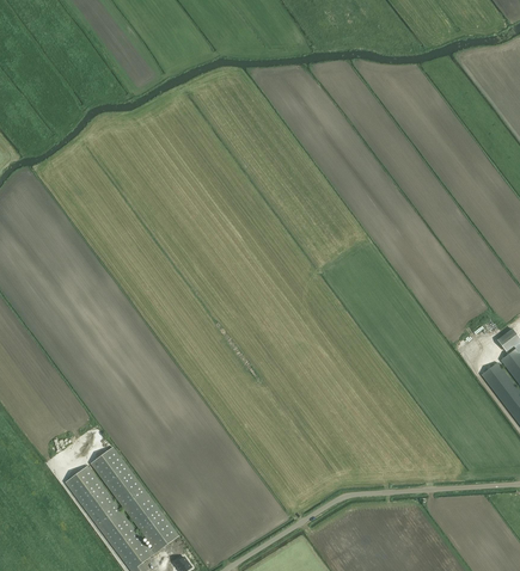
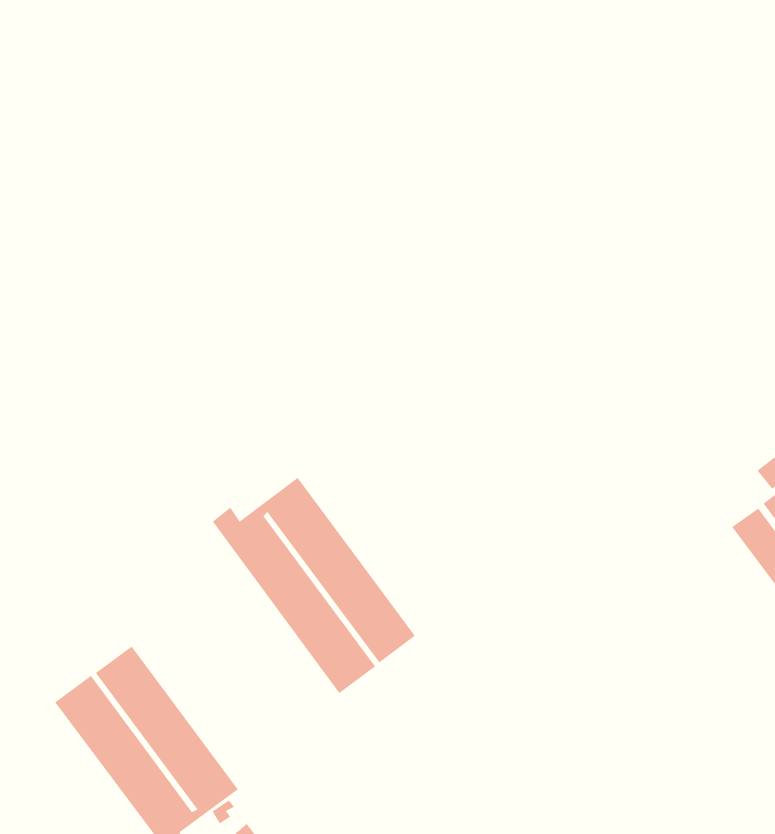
building: none -> [212,477,416,694]

